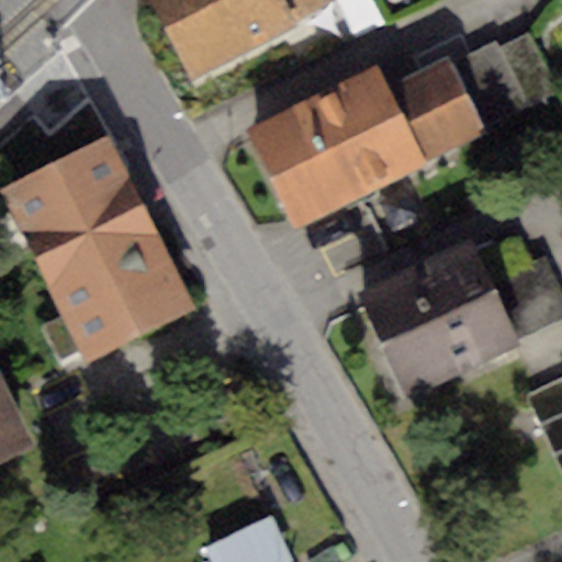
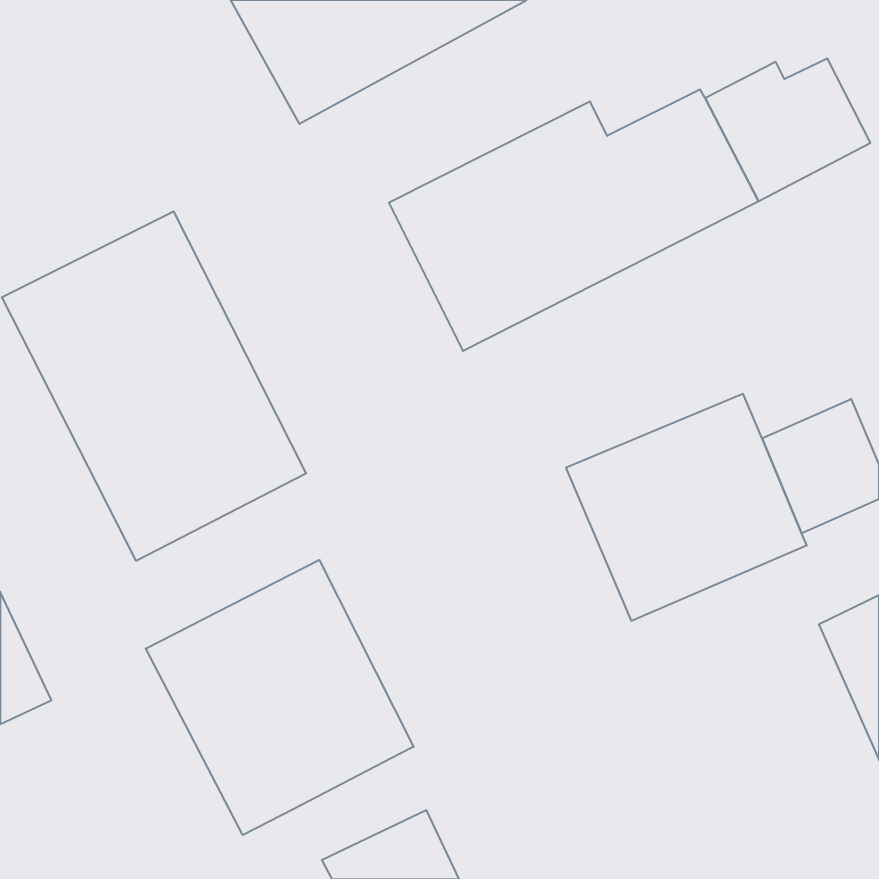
building: none -> [146,560,414,835]

